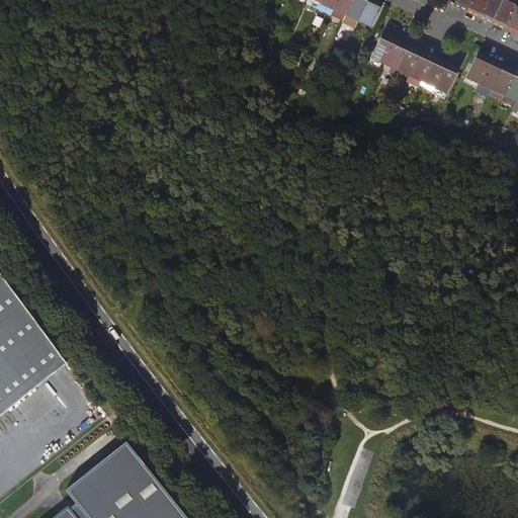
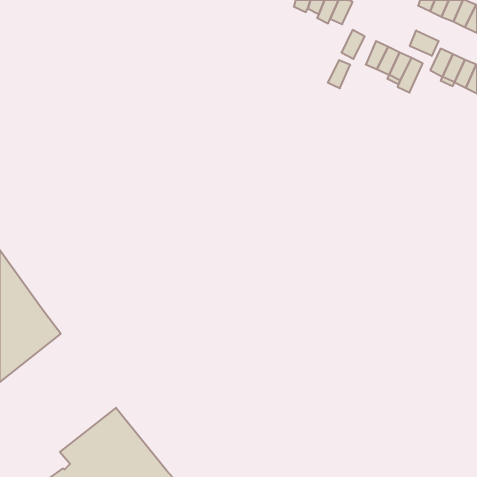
building: none -> [410,30,439,56]
building: [382,40,407,71] -> [328,60,350,88]

